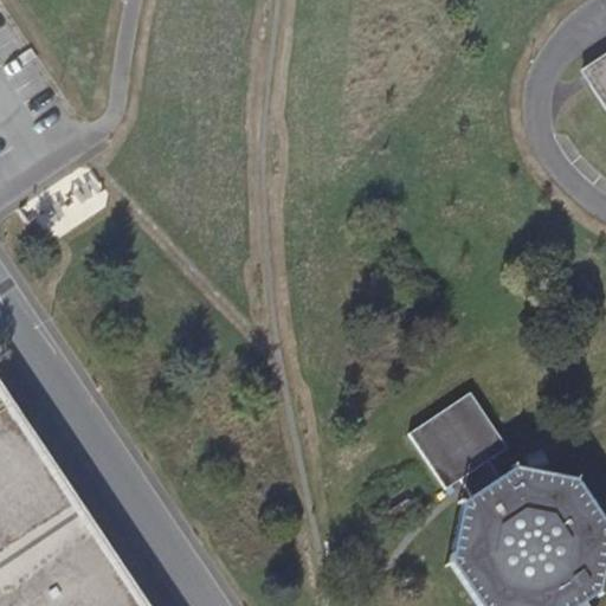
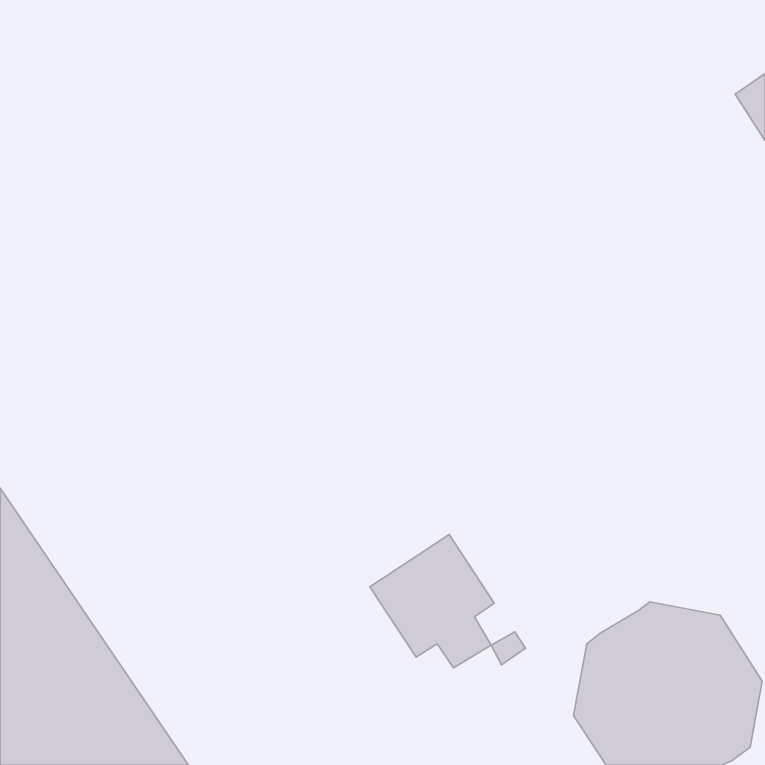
building: [408,395,507,501] -> [370,534,494,668]

